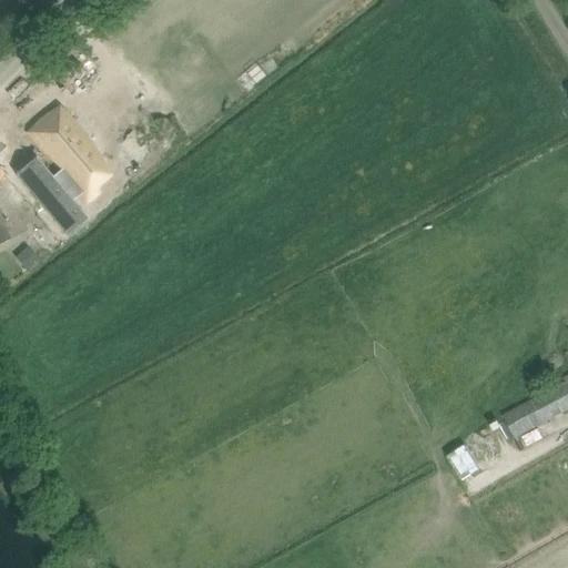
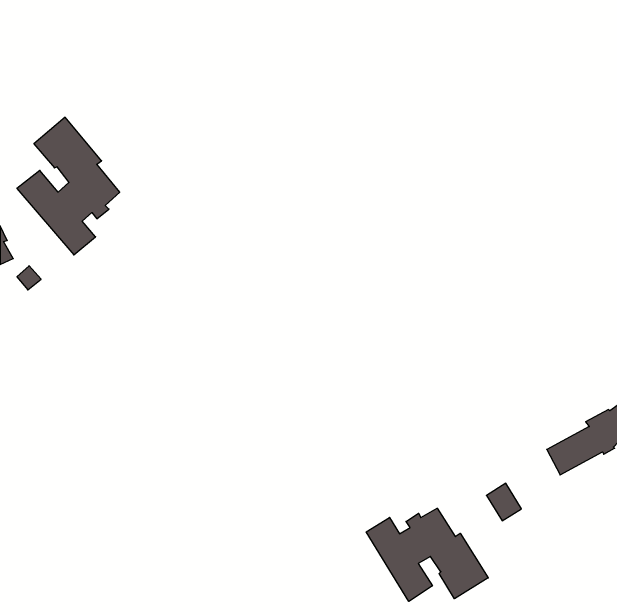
building: none -> [366,508,488,601]

